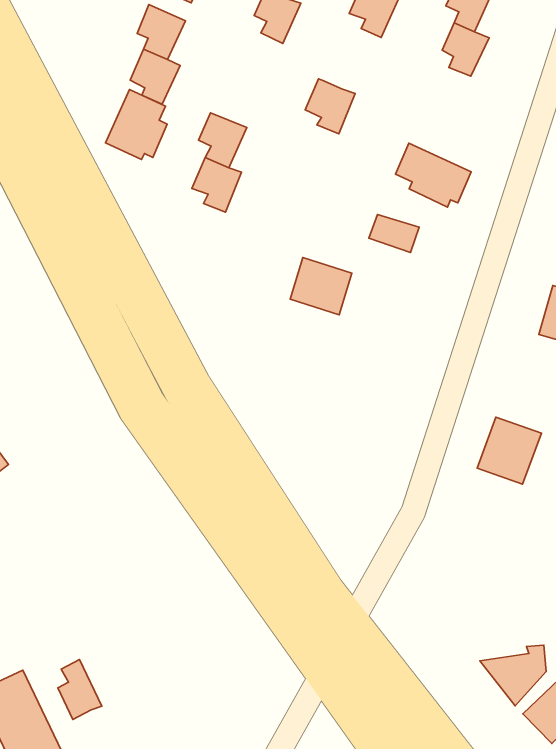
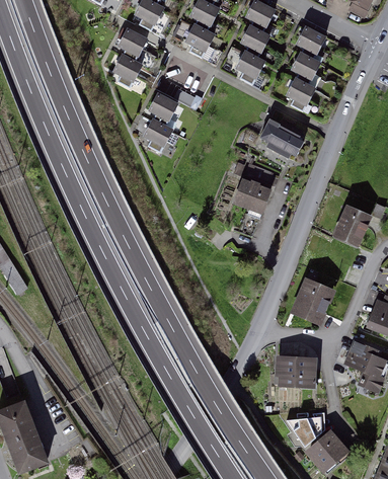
building: none -> [286,78,315,110]
building: [305,79,355,134] -> [236,51,265,83]
building: [106,89,167,160] -> none
building: [290,258,352,315] -> [234,180,270,215]
building: none -> [273,355,315,383]
building: [58,659,102,719] -> none

